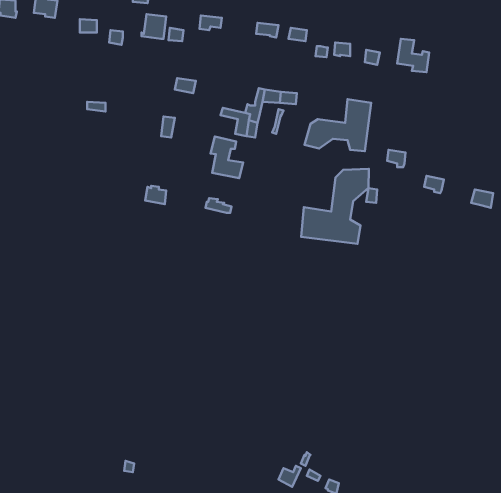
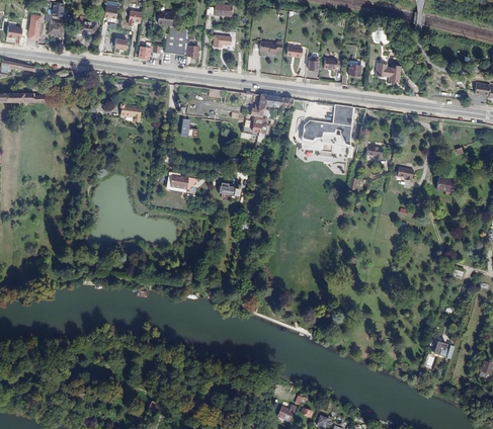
building: [210,137,243,178] -> none
building: [301,169,369,244] -> none

